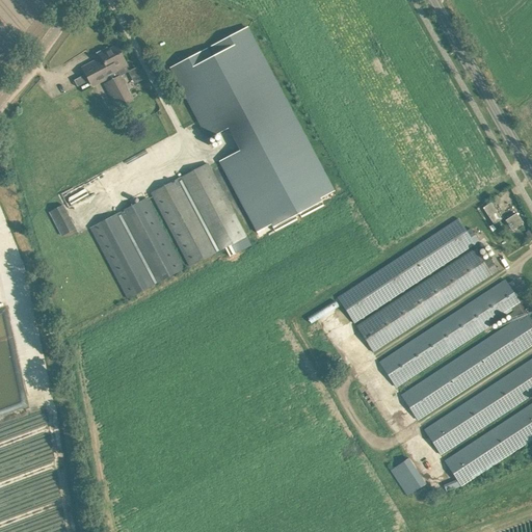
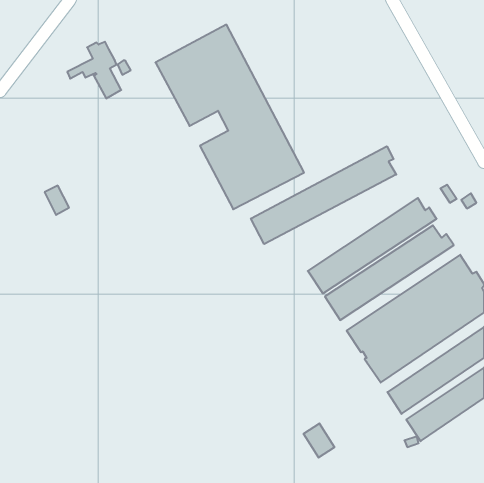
building: none -> [251,146,396,244]
building: [150,161,246,265] -> none
building: [90,198,184,298] -> none
building: [391,457,425,495] -> [303,423,335,458]

